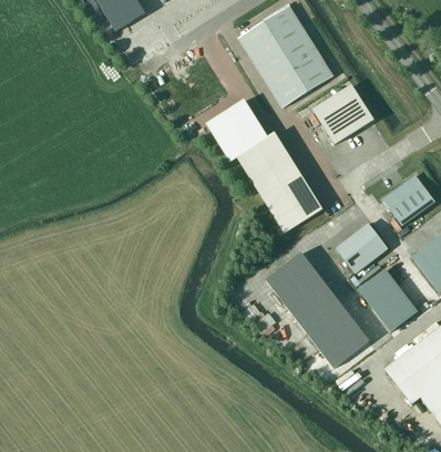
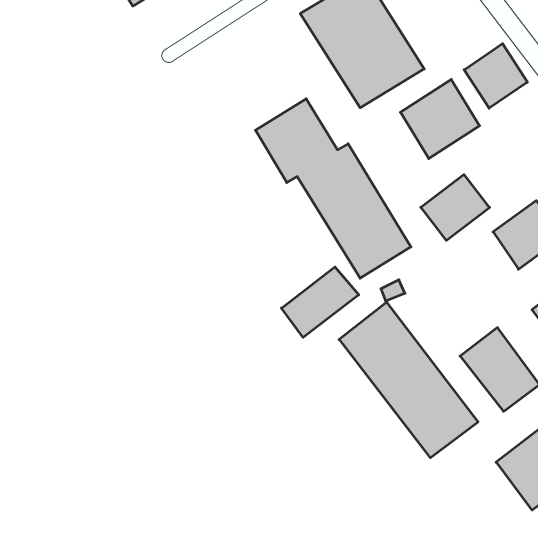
building: none -> [464,44,527,108]
building: [336,224,387,273] -> [421,175,490,240]
building: none -> [281,267,359,337]

